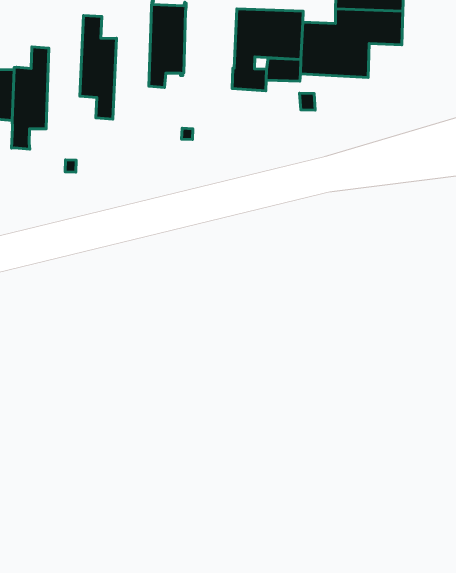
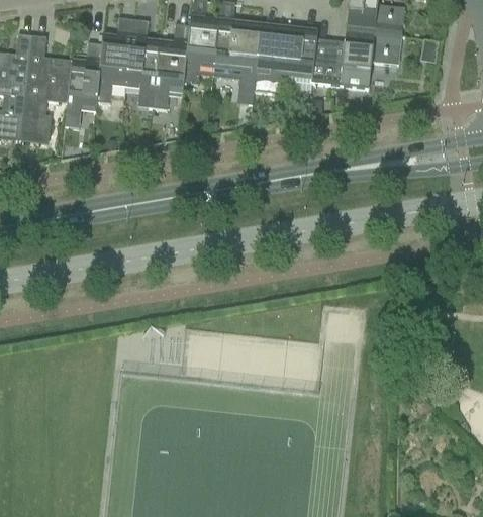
building: none -> [214,17,263,103]
building: none -> [96,15,133,102]
building: none -> [152,23,190,109]

